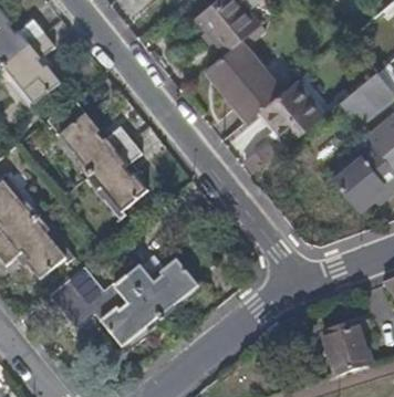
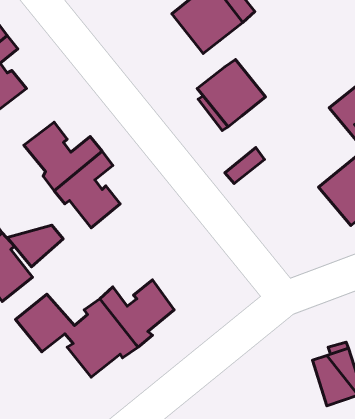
building: [204,39,252,83] -> none
building: [258,77,323,143] -> none
building: none -> [7,225,63,267]

